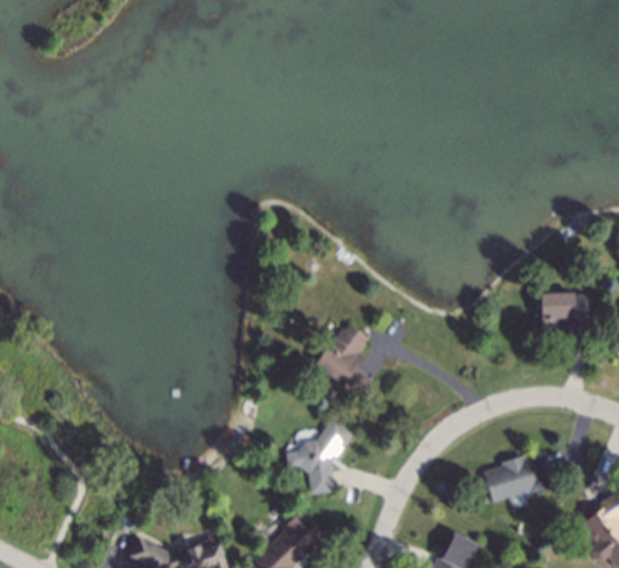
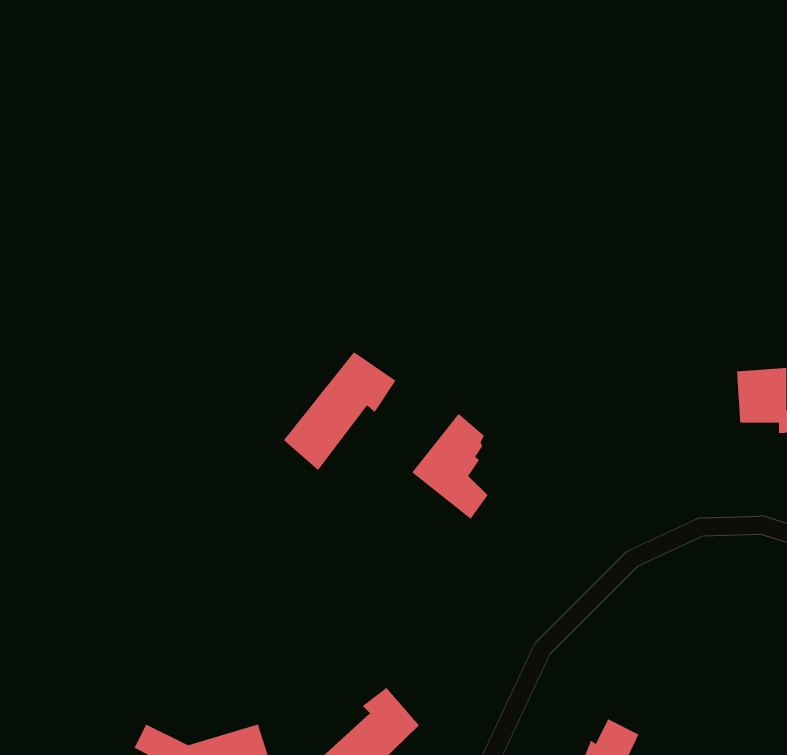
building: none -> [283,351,397,471]
building: [289,417,355,494] -> none
building: [486,453,553,503] -> none

